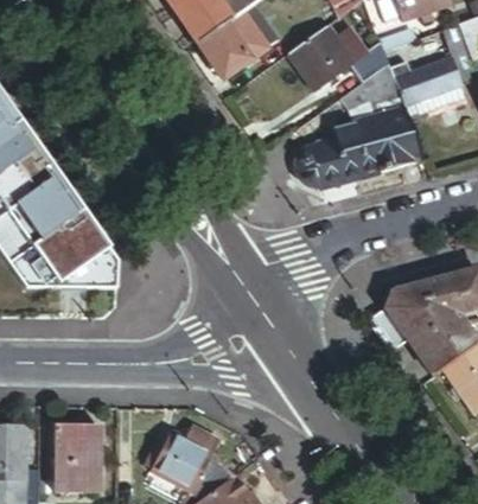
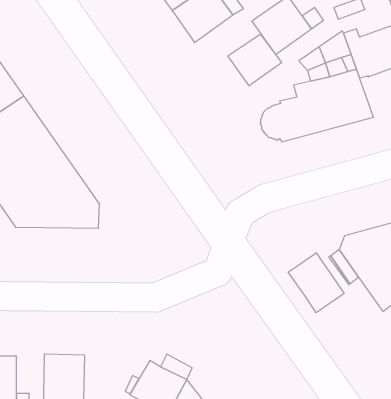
building: none -> [228,34,282,86]
building: none -> [288,253,344,313]

